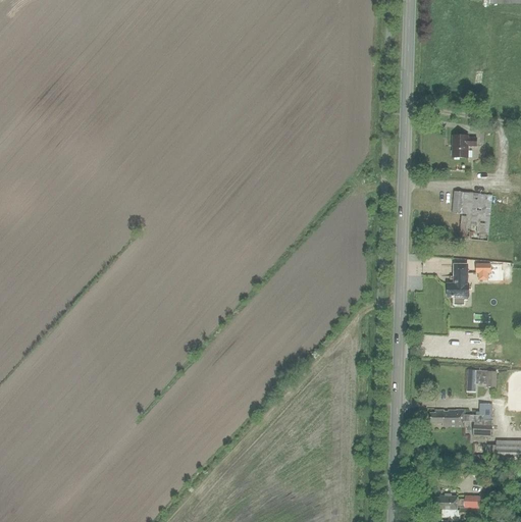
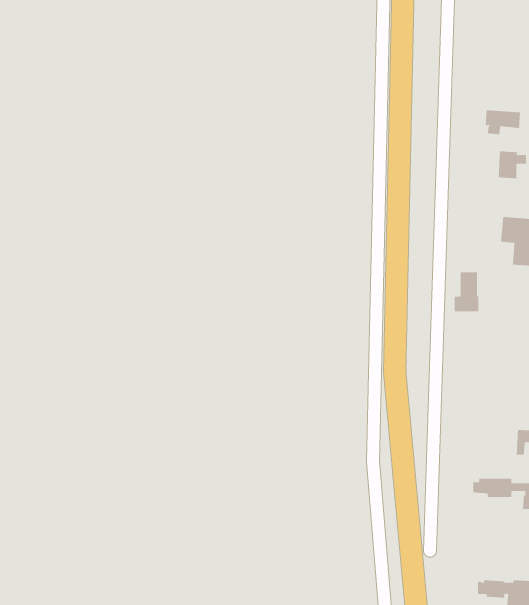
building: none -> [485,109,520,135]
building: [447,263,468,297] -> [454,272,479,312]

